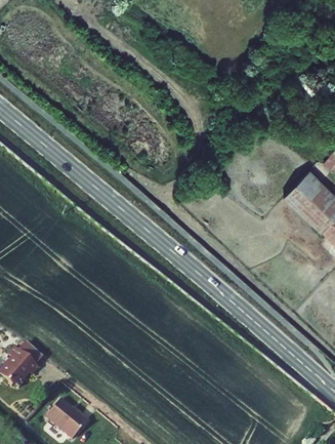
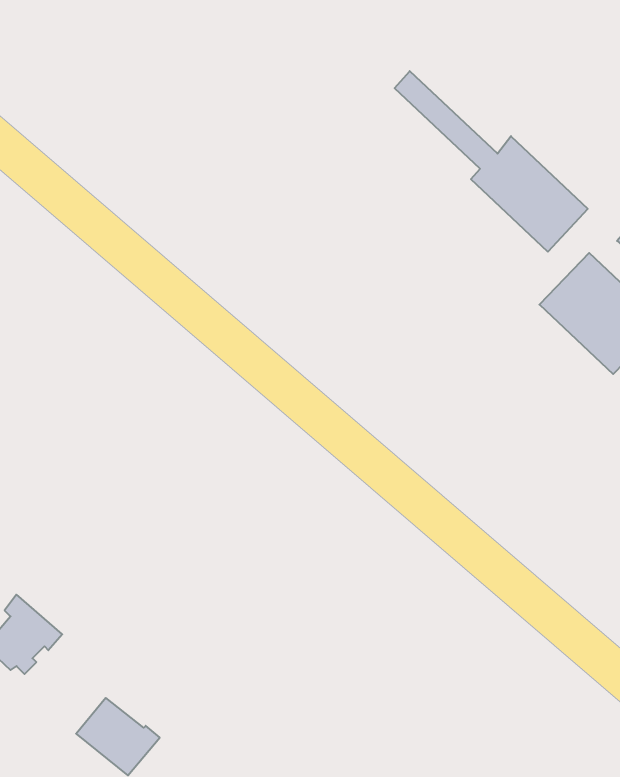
building: none -> [395,71,588,252]

